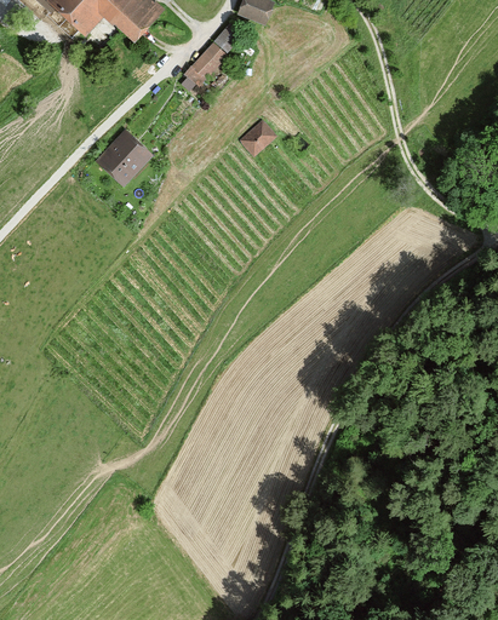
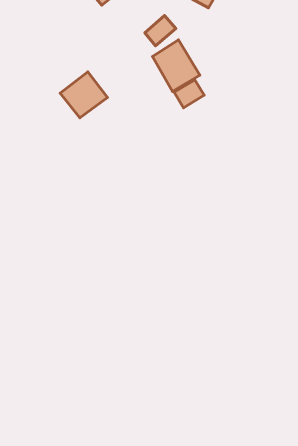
building: none -> [152,40,200,91]

